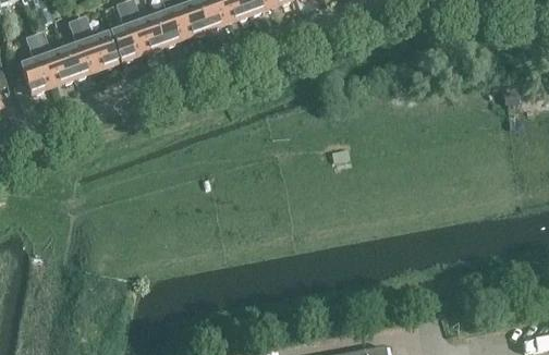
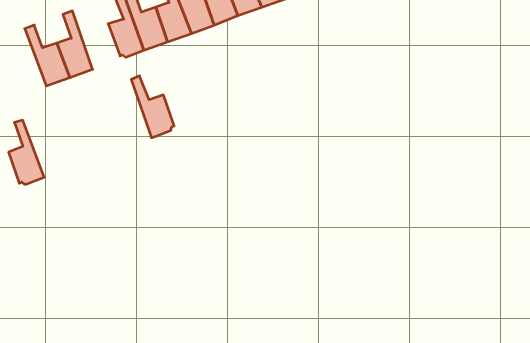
building: [78,13,118,70] -> [131,76,174,138]
building: [22,33,54,91] -> [9,120,44,184]

